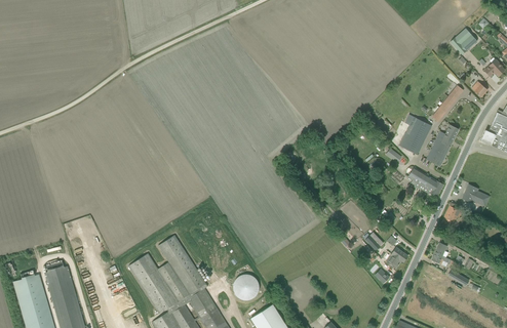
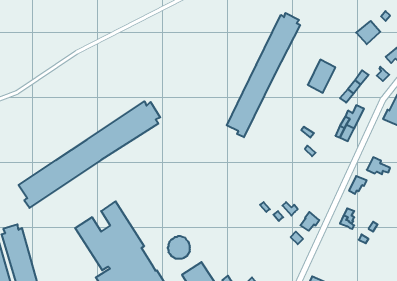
building: none -> [227,13,300,137]
building: [399,117,431,155] -> [308,60,335,93]
building: none -> [19,101,160,208]
building: [407,167,443,197] -> none

